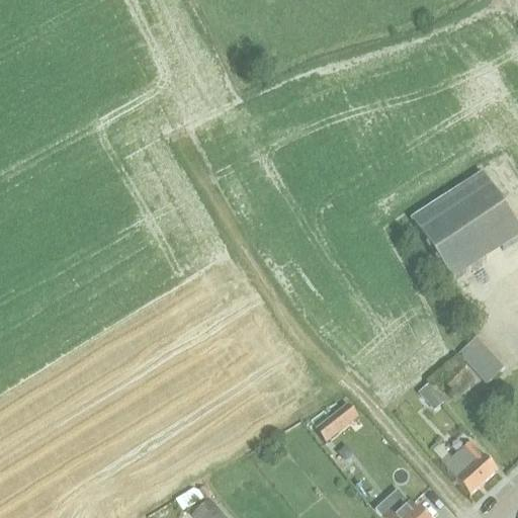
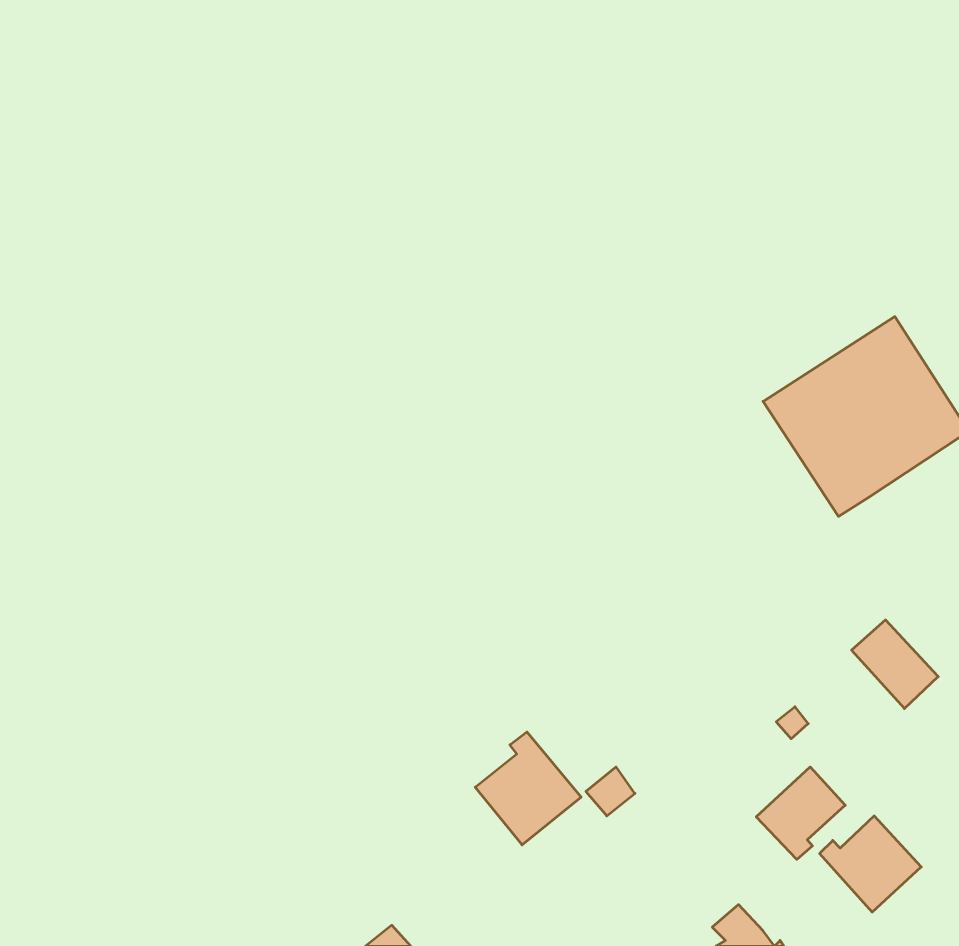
building: none -> [475,732,581,845]
building: none -> [756,767,845,859]

